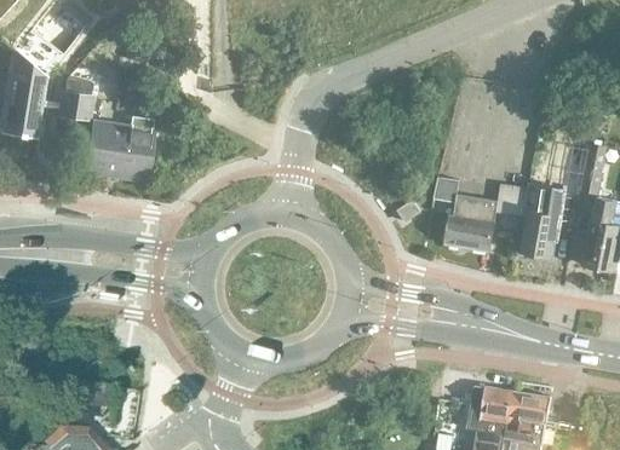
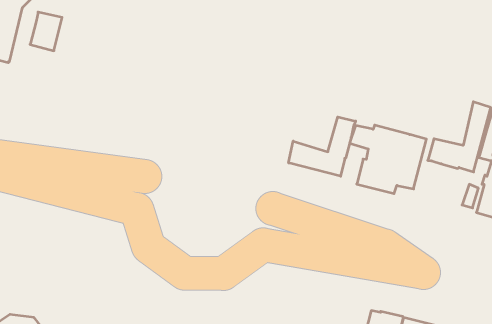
building: [82,120,153,180] -> none
building: none -> [289,117,356,176]
building: [518,210,557,260] -> none

